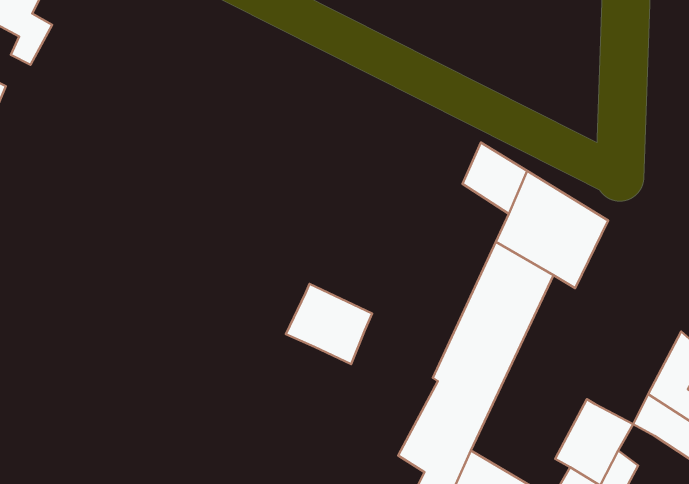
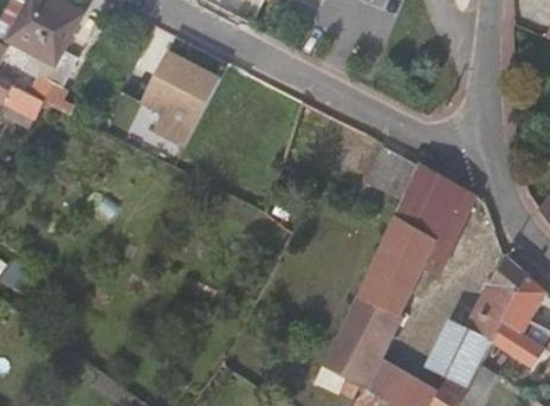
building: none -> [142,50,220,144]
building: [286,284,372,364] -> none
building: none -> [466,256,528,342]

